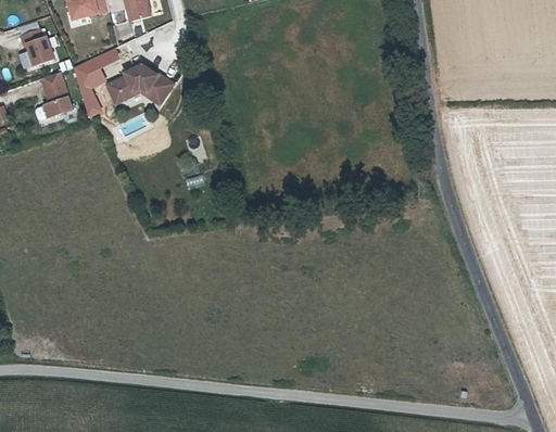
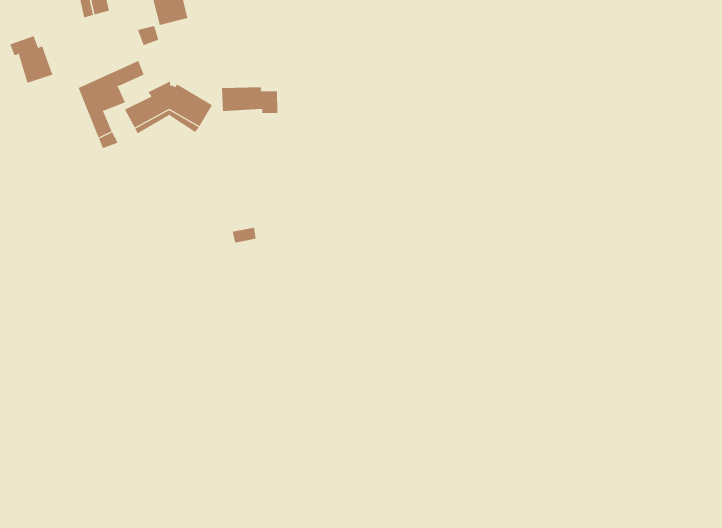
building: none -> [221,87,278,114]
building: [39,72,71,117] -> none

